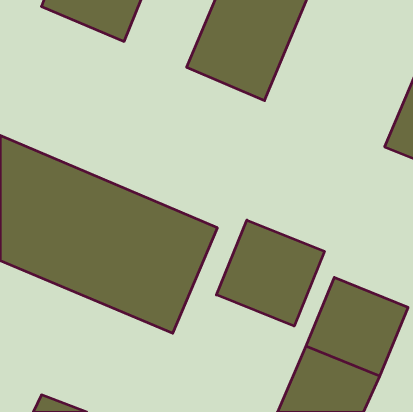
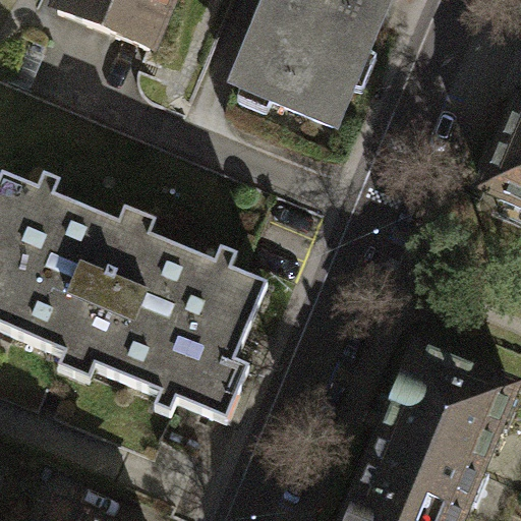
building: [216,220,324,326] -> none

